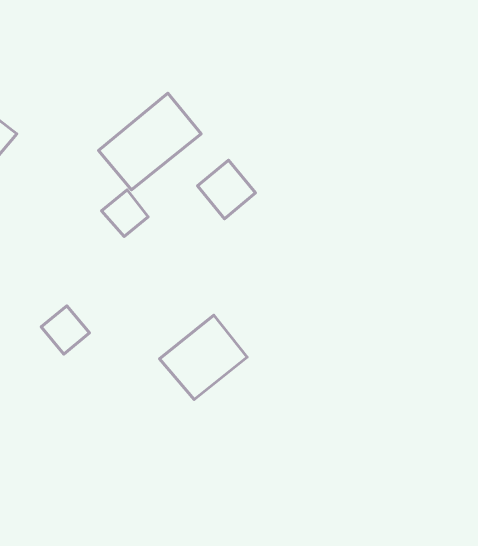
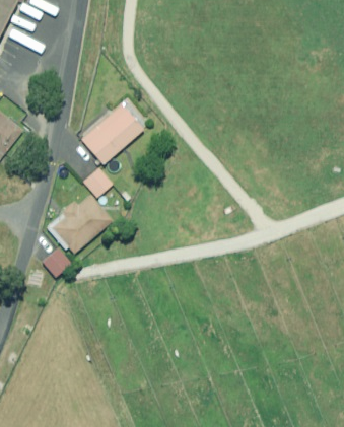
building: [197,160,255,219] -> none
building: [160,315,247,399] -> [52,195,111,252]

